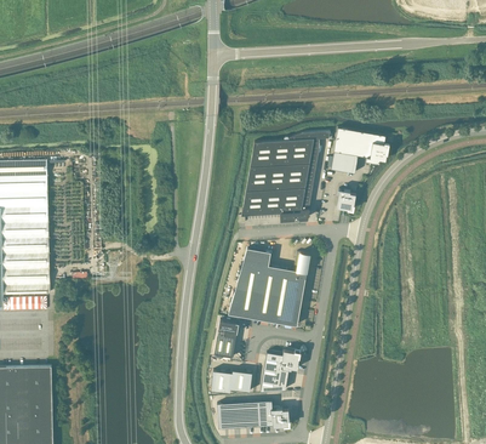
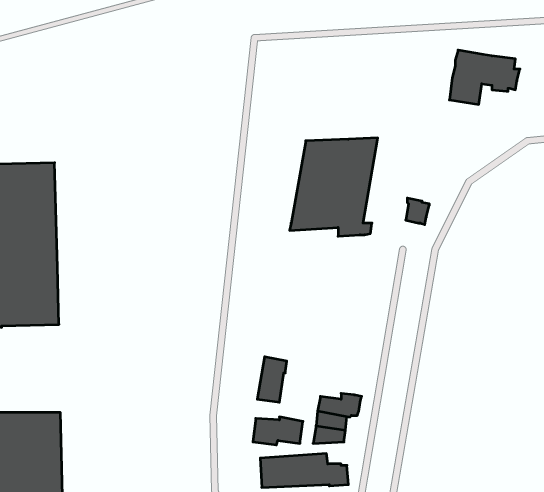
building: [330,129,388,173] -> [449,50,520,104]
building: [227,249,309,326] -> none

